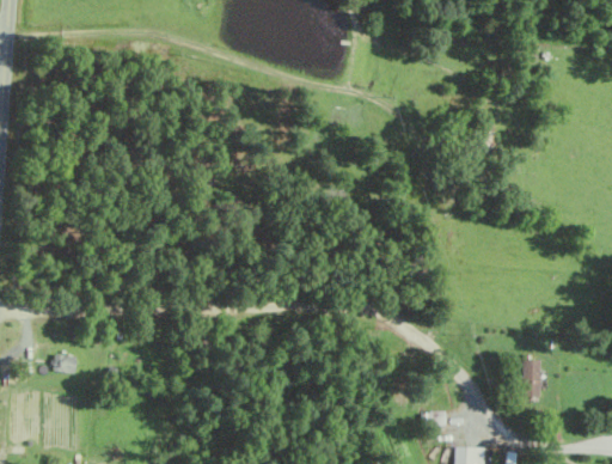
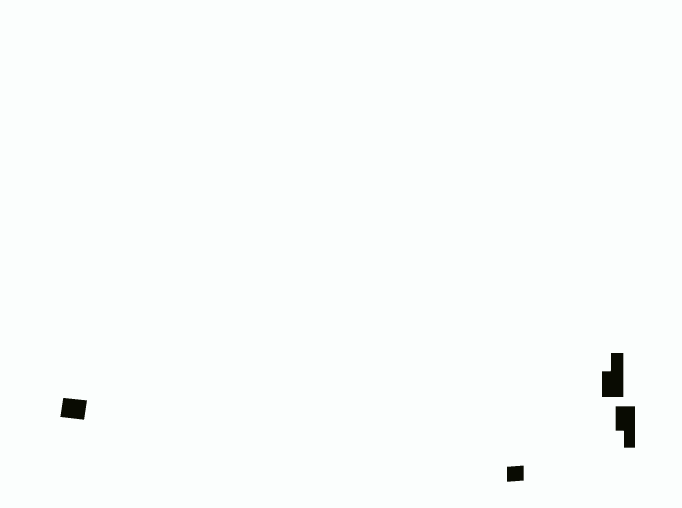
building: none -> [601,352,624,398]

